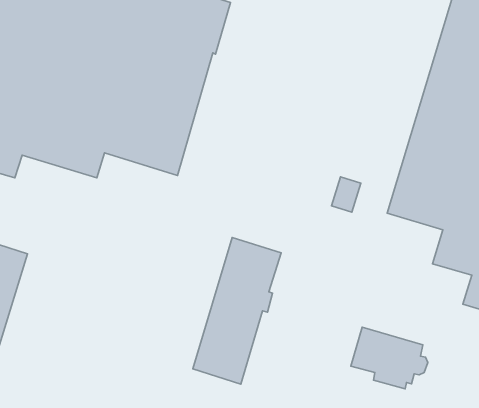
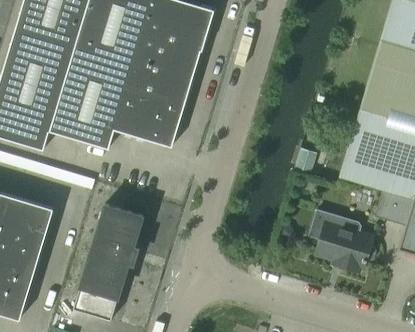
building: [193,238,281,384] -> [73,204,143,320]
building: [351,327,428,389] -> [315,223,376,272]

